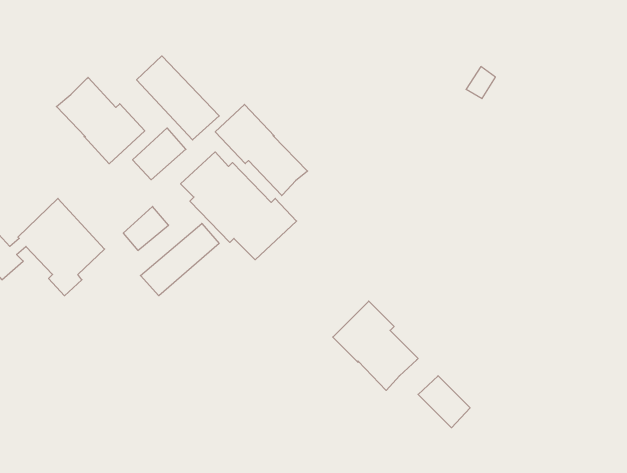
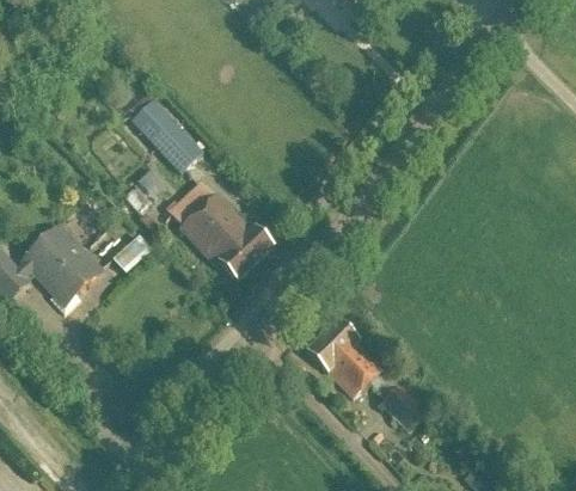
building: [56,77,145,164] -> none
building: [215,104,308,196] -> none
building: [140,223,219,296] -> none

